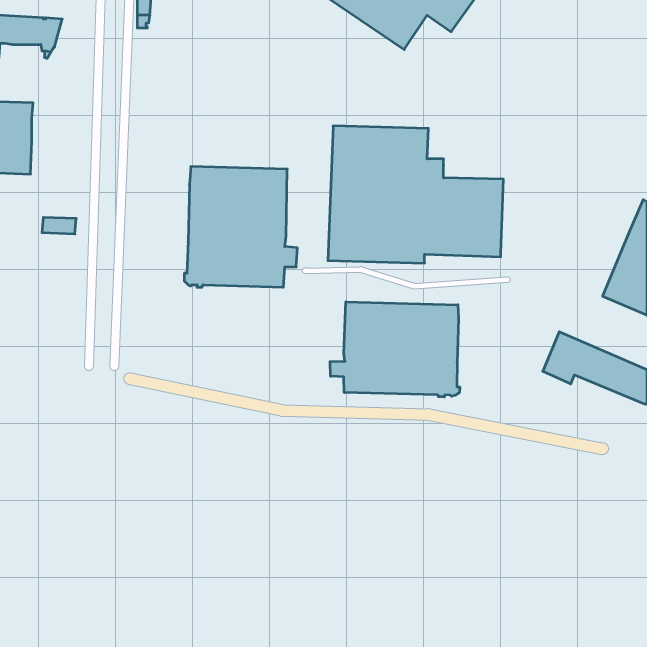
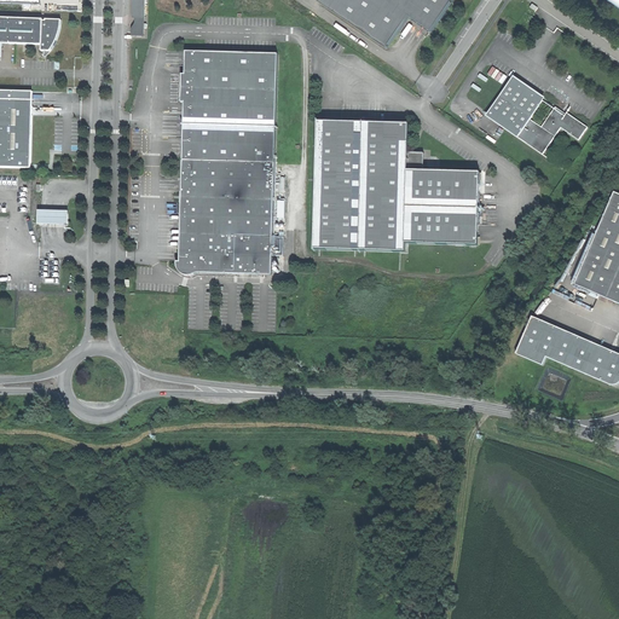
building: none -> [180,50,277,161]
building: none -> [486,76,586,151]
building: [330,302,460,397] -> none

